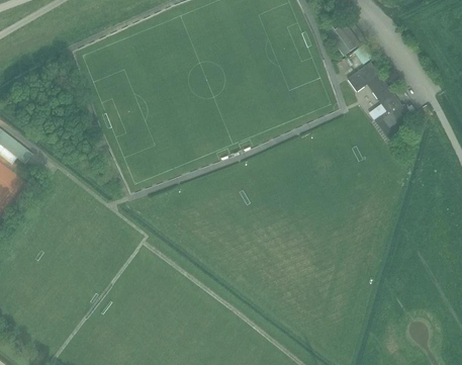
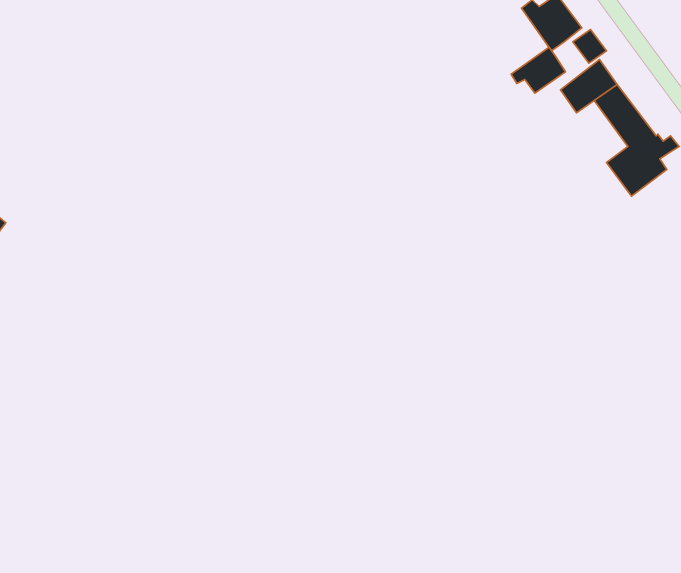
building: none -> [511,47,565,93]

